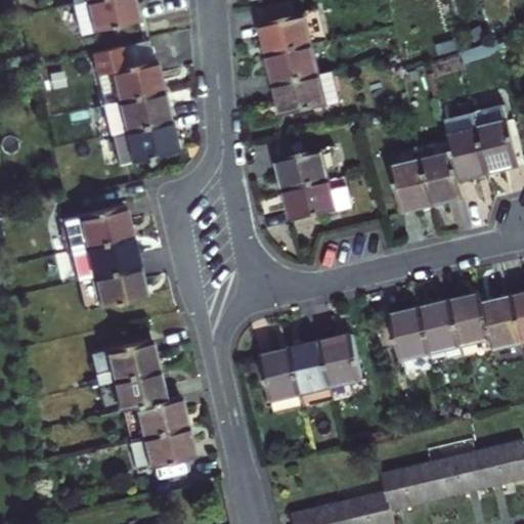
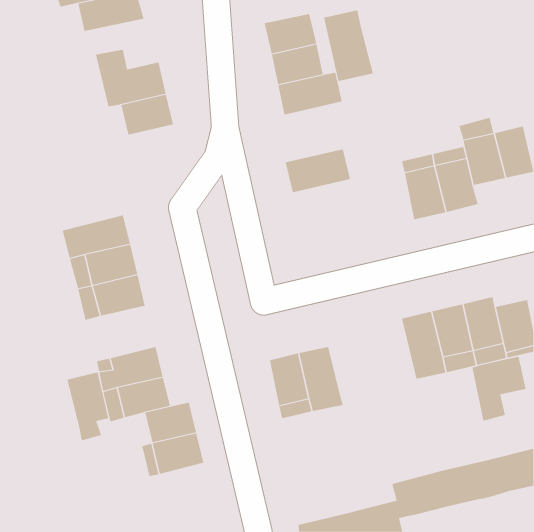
building: none -> [324,9,373,82]
building: [113,122,177,165] -> none
building: [286,175,352,218] -> none
building: [321,332,365,396] -> none
building: none -> [472,356,526,422]
building: none -> [67,372,109,441]

